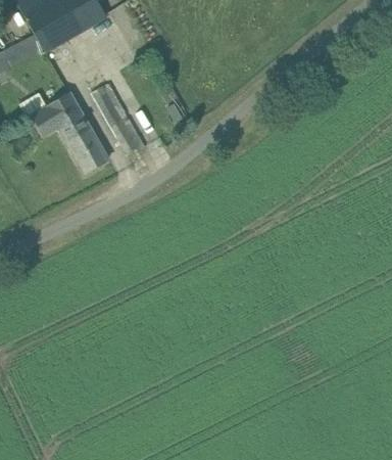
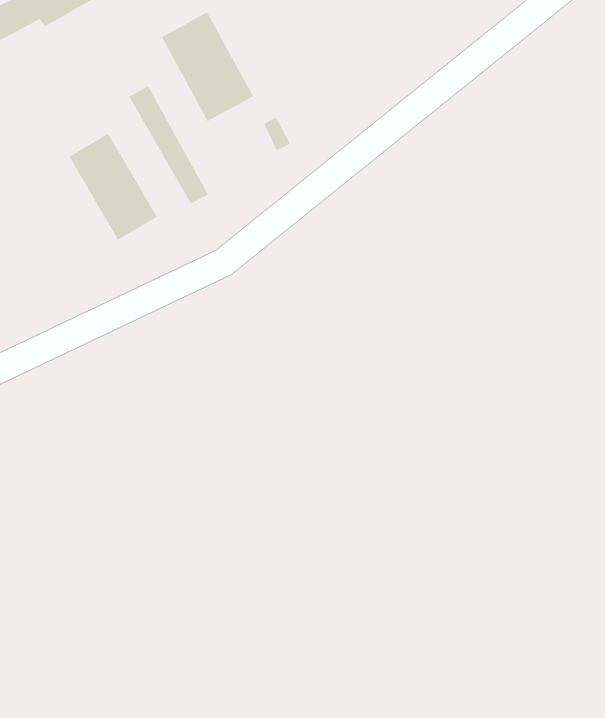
building: none -> [161,12,254,122]
building: [34,92,83,134] -> none

